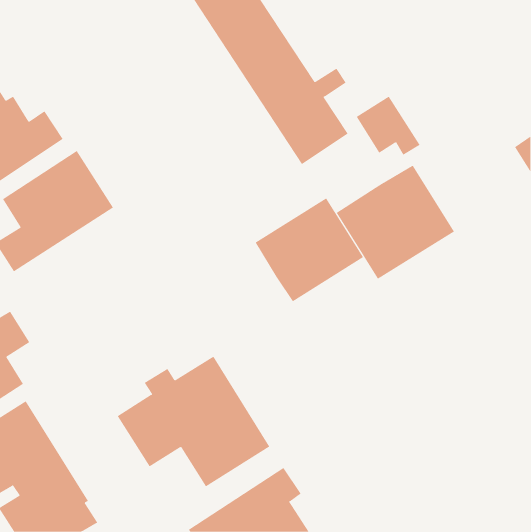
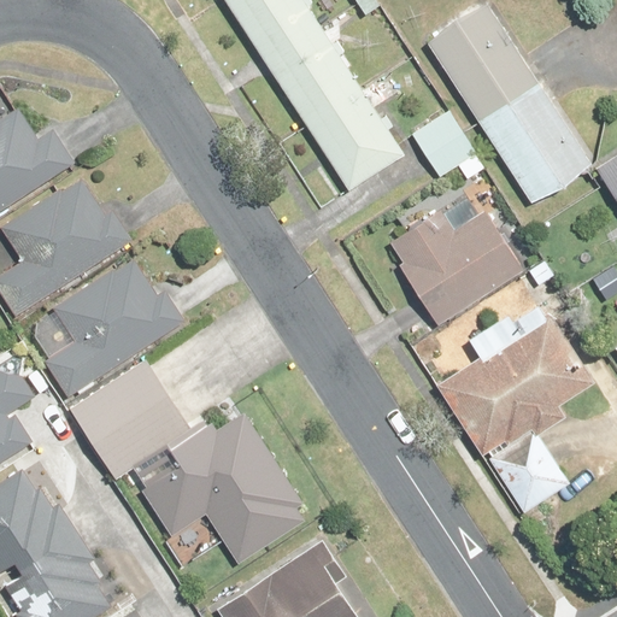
building: none -> [428,5,590,205]
building: [255,198,364,302] -> none
building: none -> [24,258,184,395]
building: none -> [440,302,590,512]
building: none -> [72,359,194,476]

